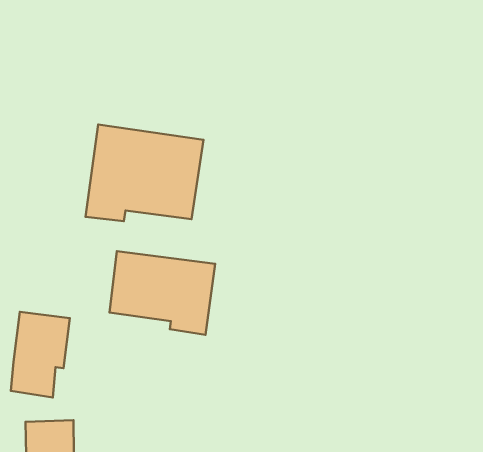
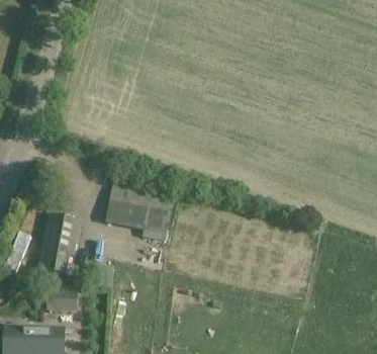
building: [86,124,204,221] -> none

